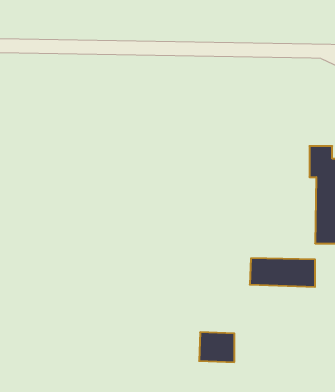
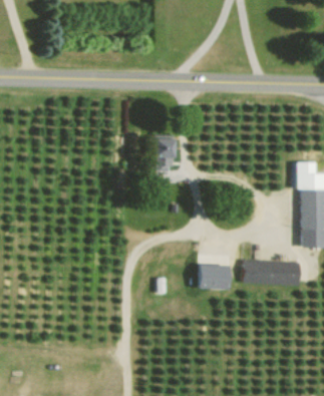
building: none -> [151,136,174,171]
building: [199,332,234,362] -> [198,264,229,290]

